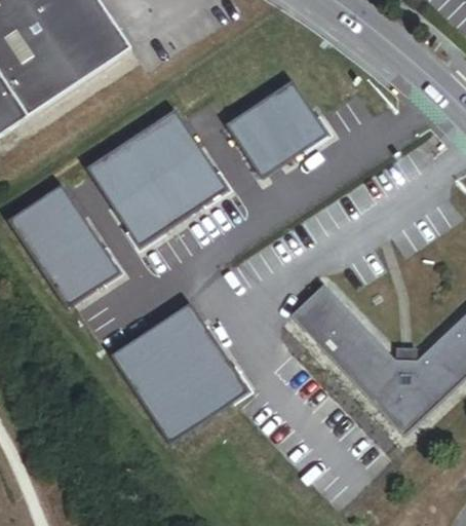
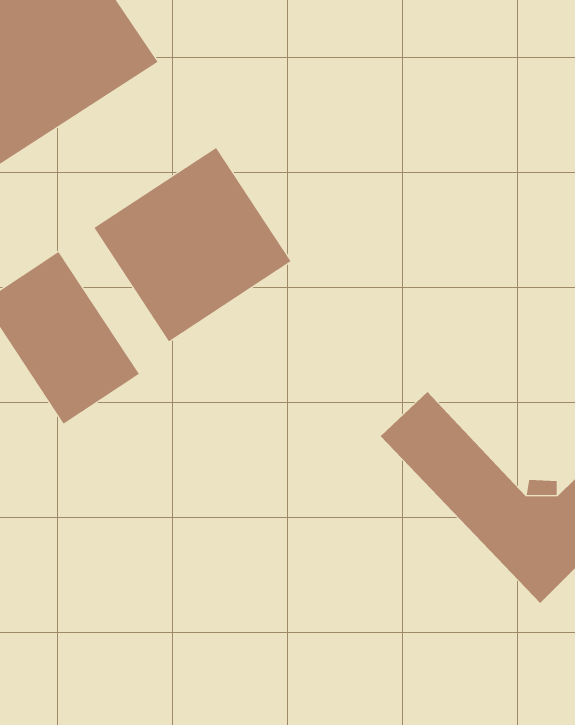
building: [225,78,328,177] -> none
building: [110,301,248,443] -> none

